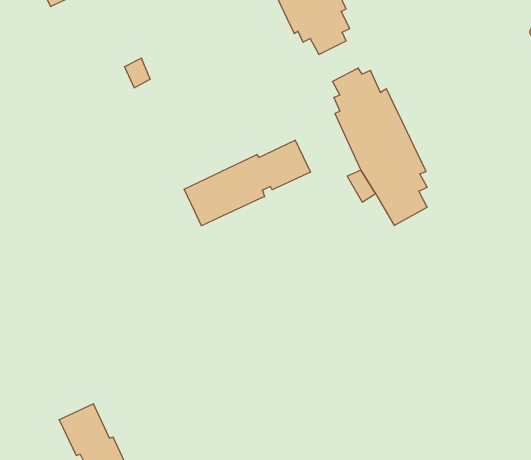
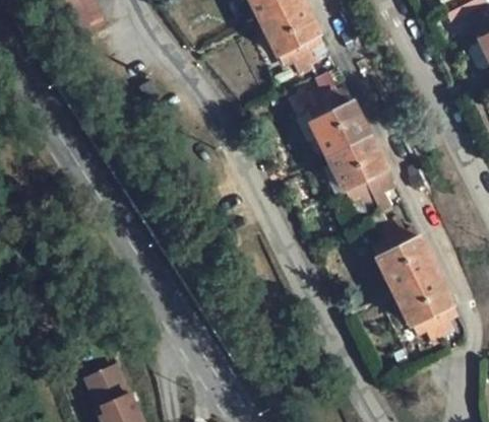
building: [184,140,310,226] -> none
building: none -> [375,220,454,347]

